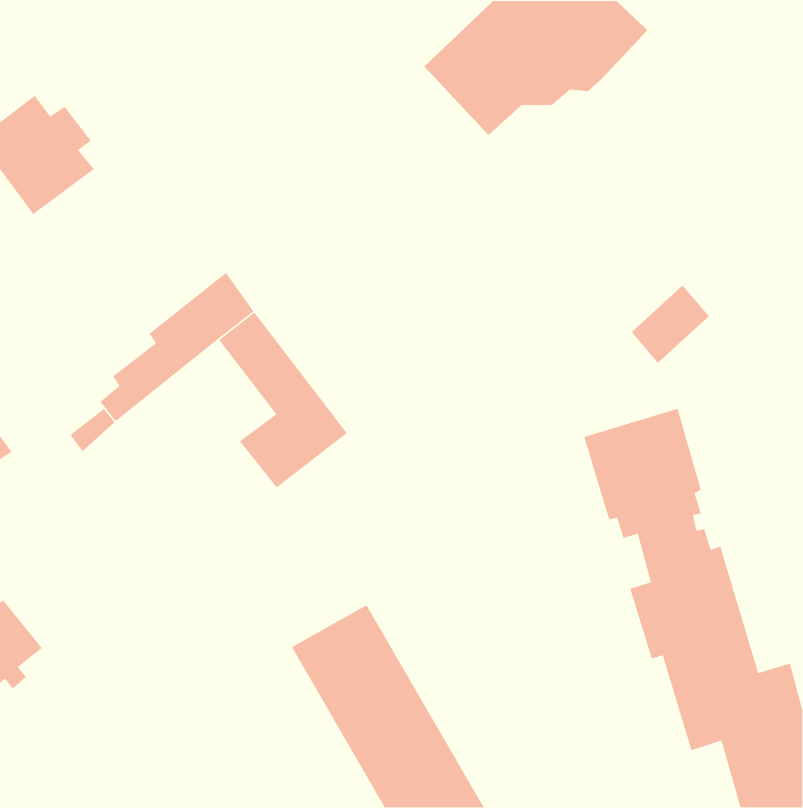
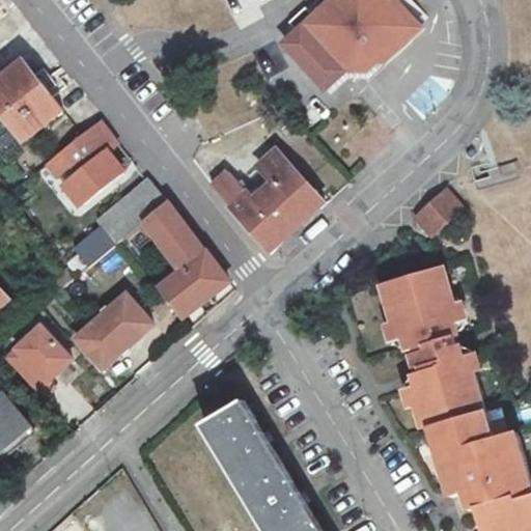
building: none -> [38,120,124,207]
building: none -> [211,147,322,245]
building: none -> [75,294,153,370]
building: none -> [5,324,75,399]

